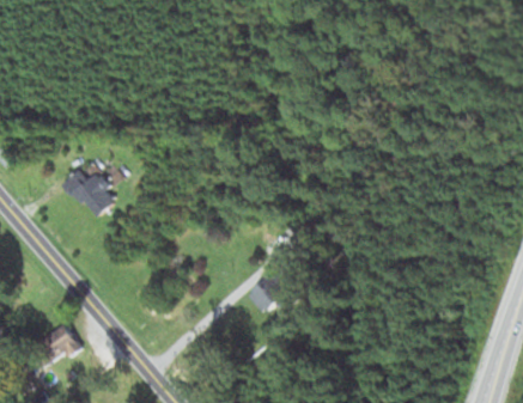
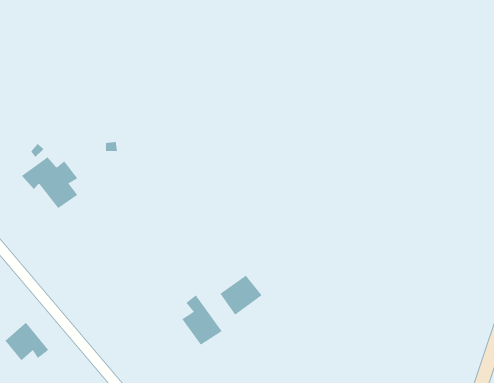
building: none -> [181,295,223,346]

